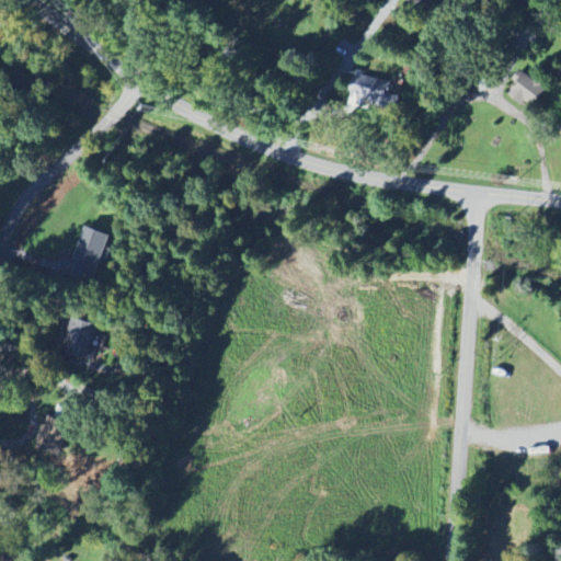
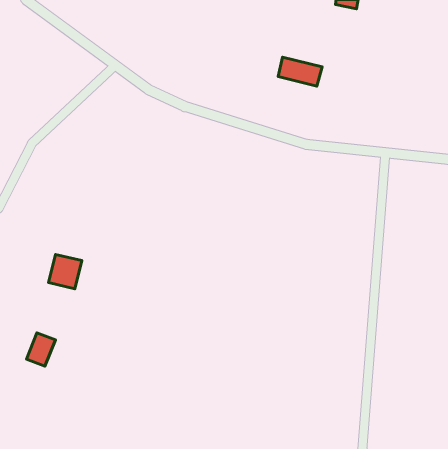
building: [503,67,545,105] -> none
building: [67,226,108,282] -> none

